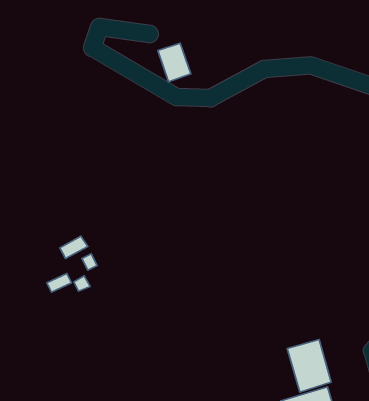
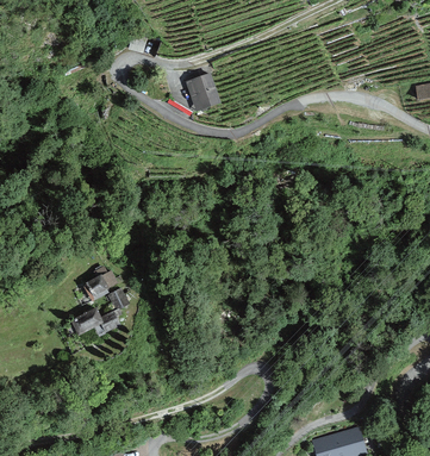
building: [287,339,331,392] -> none

